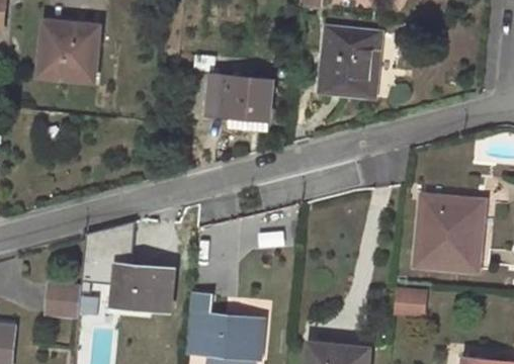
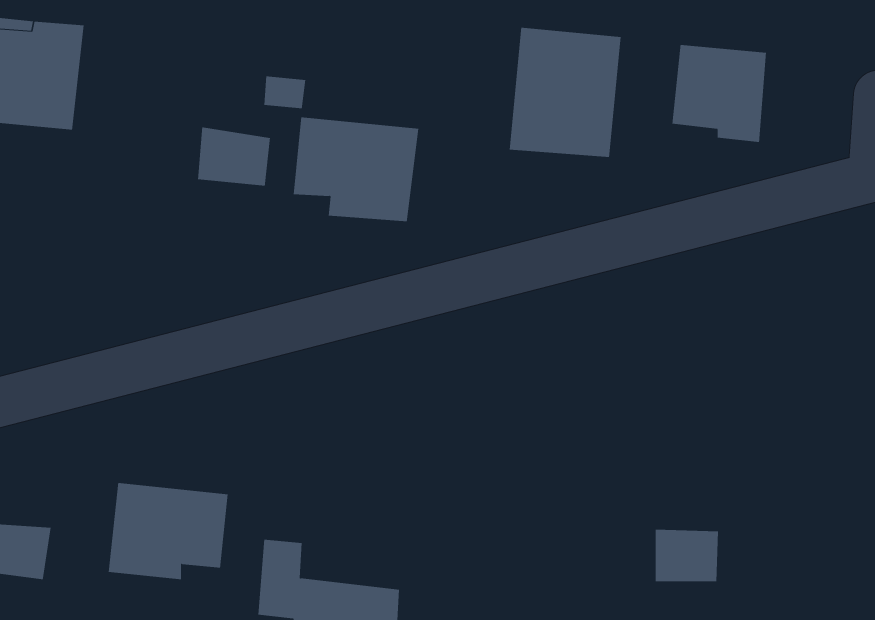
building: none -> [672,44,767,143]
building: none -> [197,127,271,186]
building: [417,196,483,268] -> none

